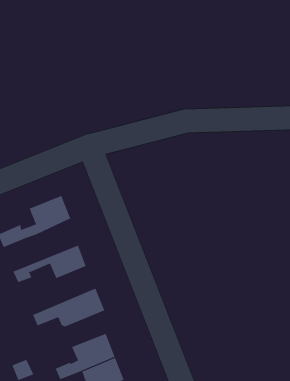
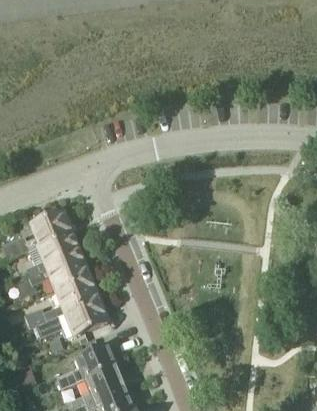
building: none -> [18,231,82,281]
building: none -> [29,276,99,324]

